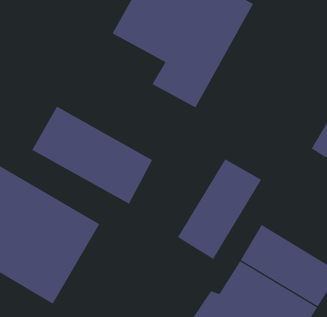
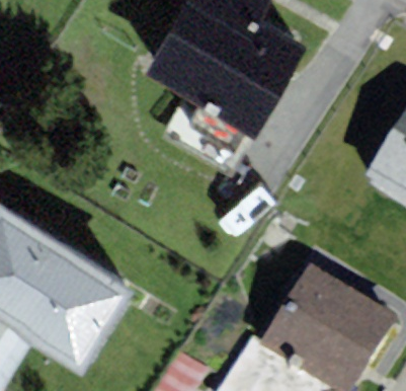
building: [31,106,153,204] -> none
building: [177,158,262,260] -> none

